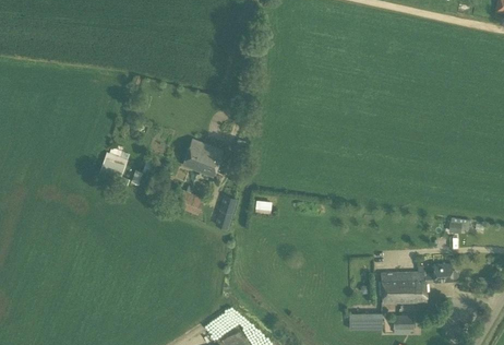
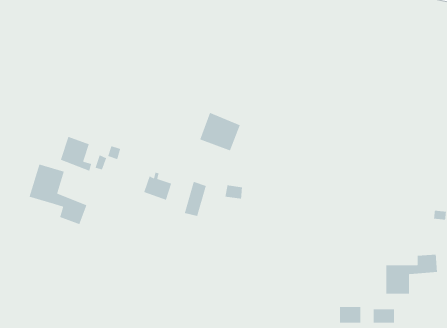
building: [183,140,223,177] -> [199,112,241,151]
building: none -> [28,163,87,225]
building: [382,274,405,304] -> none

